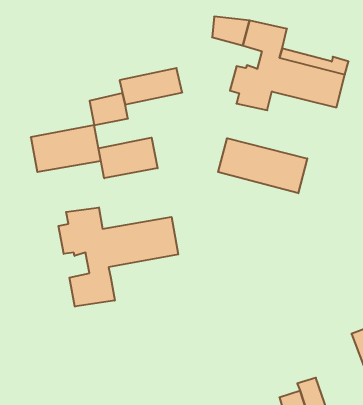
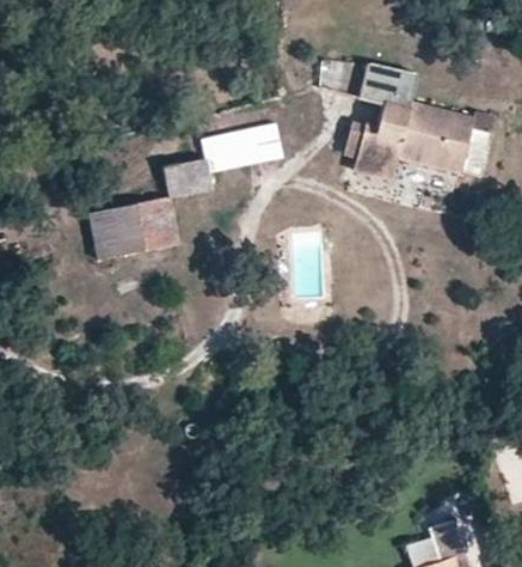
building: [99,138,158,178] -> none
building: [218,138,307,193] -> none
building: [58,207,178,307] -> none

